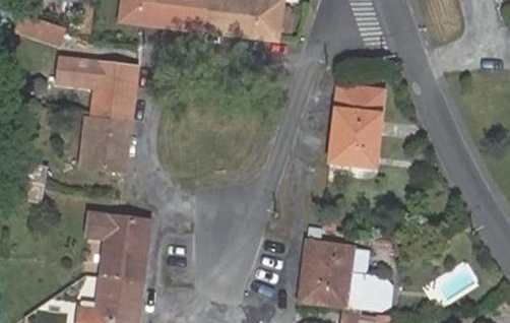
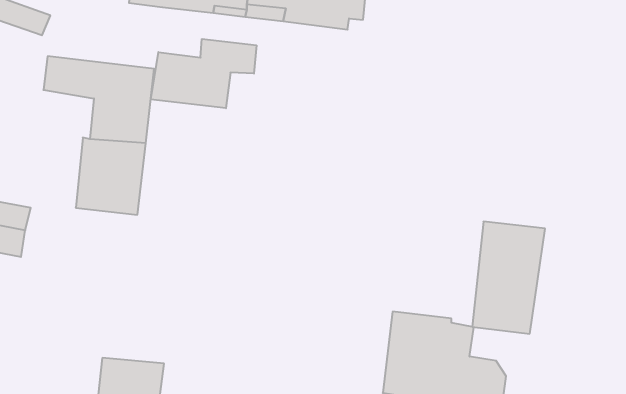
building: none -> [151,39,256,108]
building: [330,85,383,167] -> [472,222,545,334]
building: [86,211,152,279] -> none

